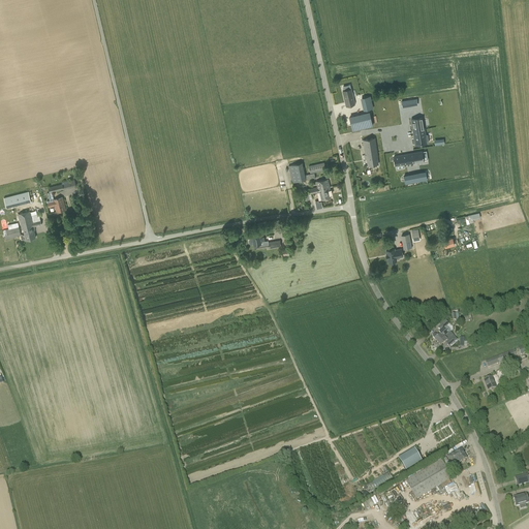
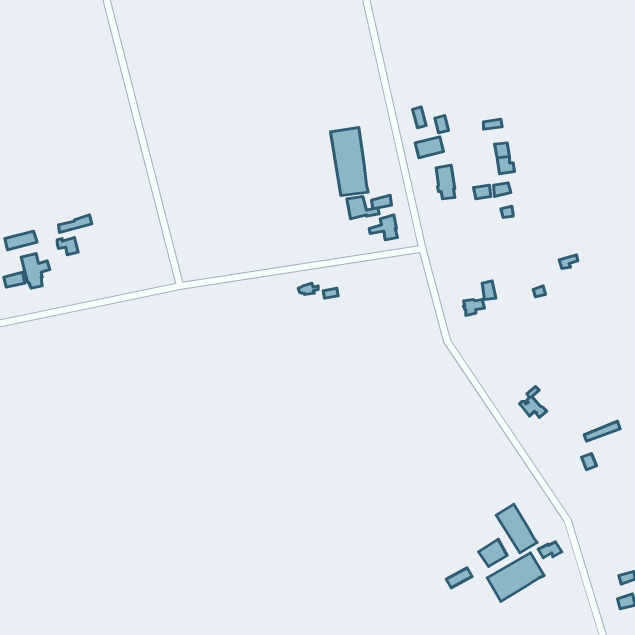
building: none -> [331,127,368,196]
building: none -> [496,504,537,553]

